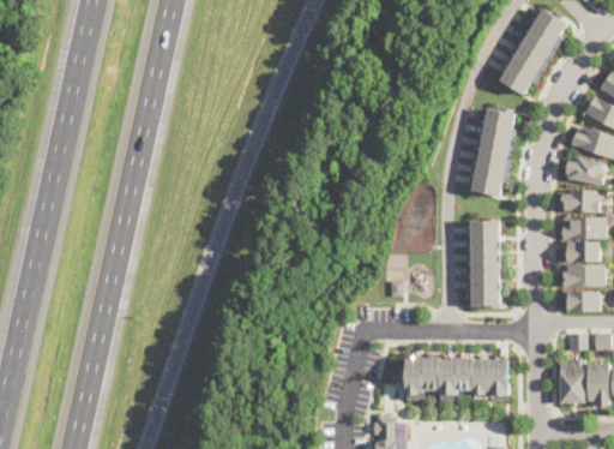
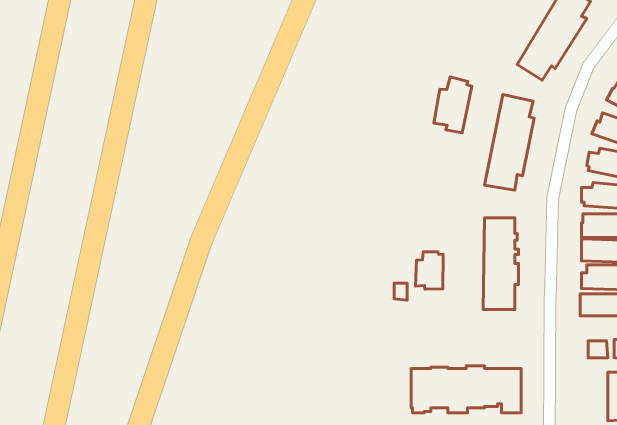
building: none -> [434,77,472,133]
building: none -> [415,252,443,289]
building: [555,359,583,406] -> none

